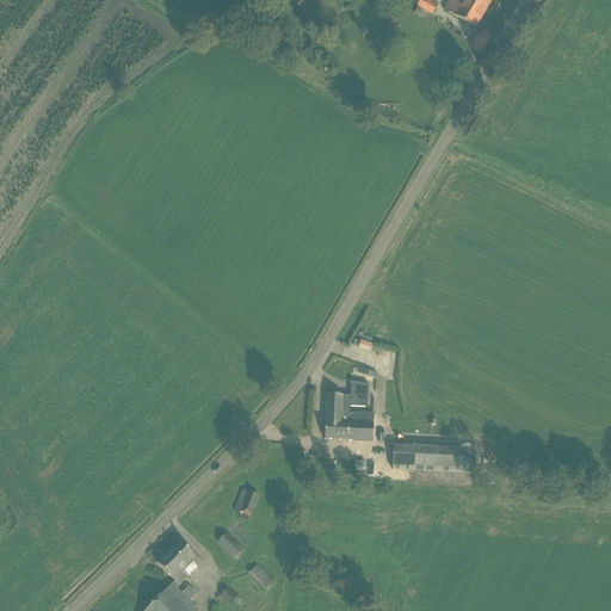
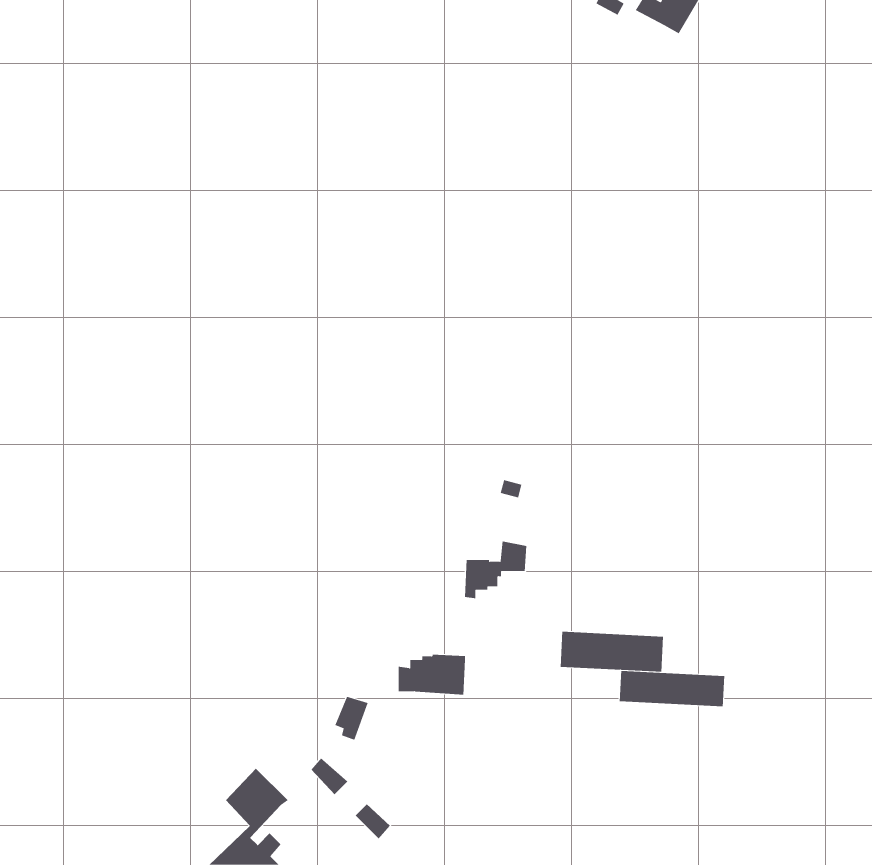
building: [325,409,372,438] -> [398,654,466,695]
building: none -> [619,670,725,707]

